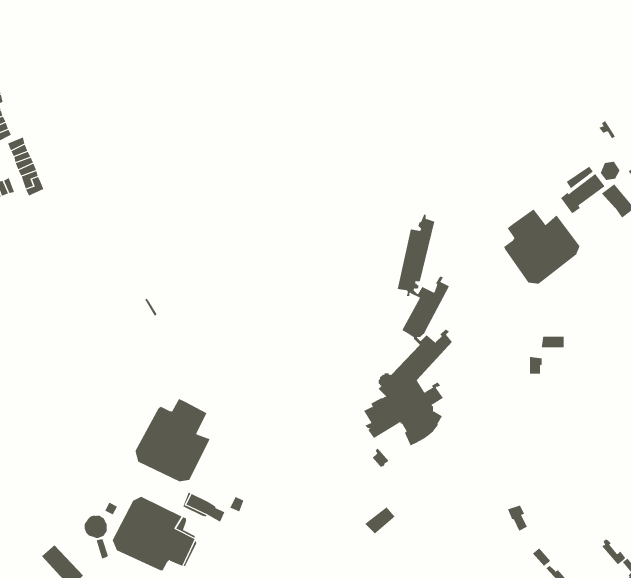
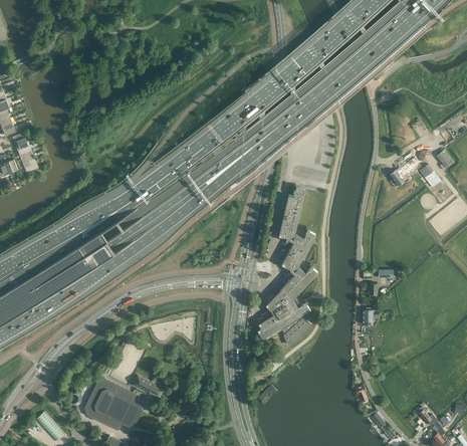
building: [504,208,580,284] -> none
building: [135,398,210,482] -> none

